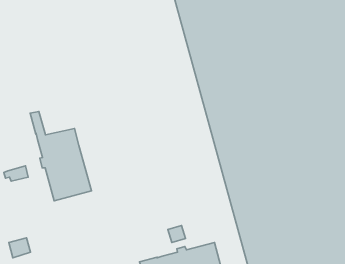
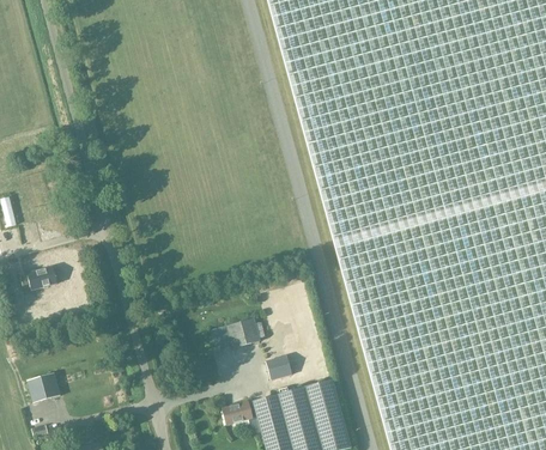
building: [30,111,91,201] -> none
building: none -> [224,320,257,349]

